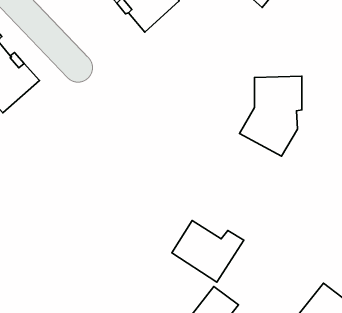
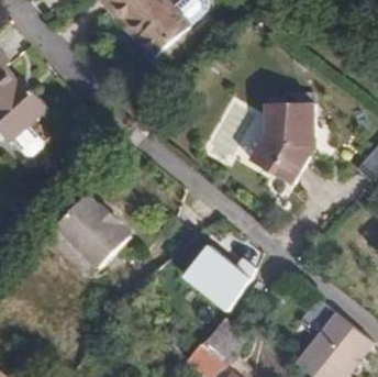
building: none -> [56,193,130,268]

